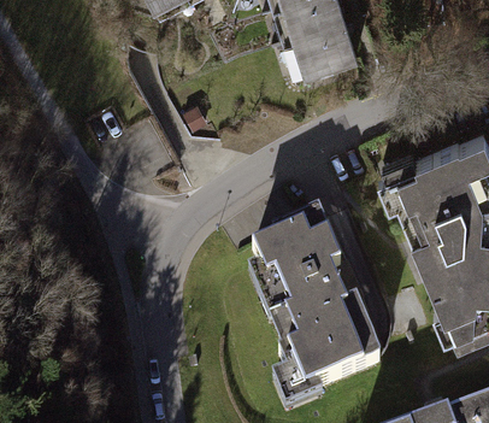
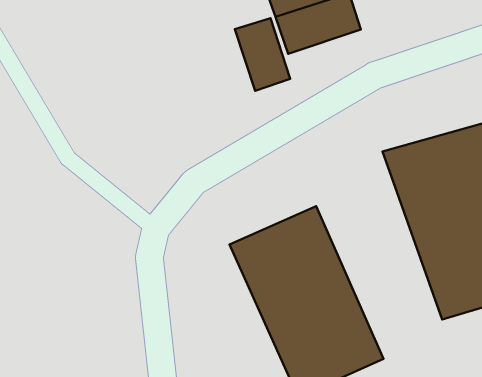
building: none -> [235,18,290,91]

